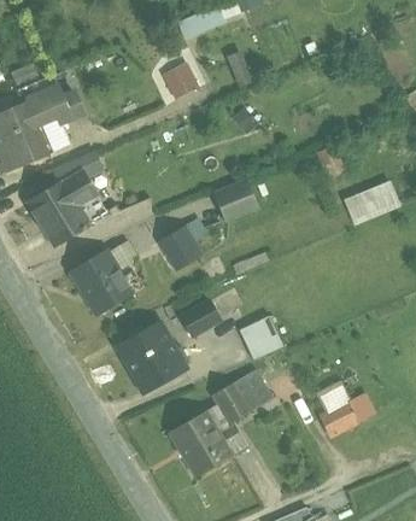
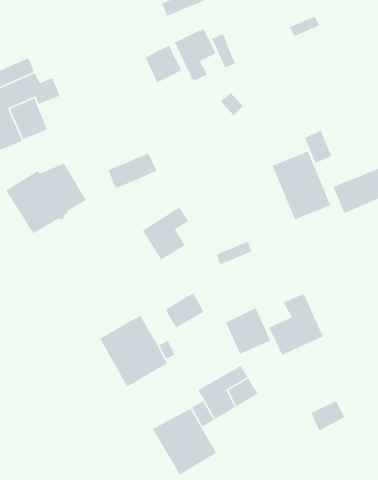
building: none -> [174,28,217,82]
building: [53,151,101,186] -> [107,152,158,189]
building: none -> [271,150,331,221]
building: [212,177,258,219] -> none
building: [71,250,142,314] -> none
building: none -> [268,293,324,356]

